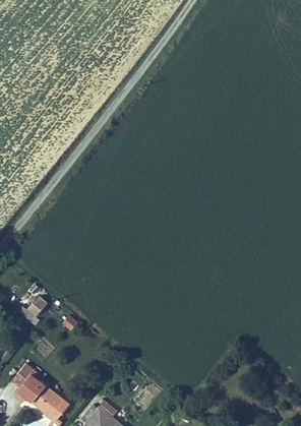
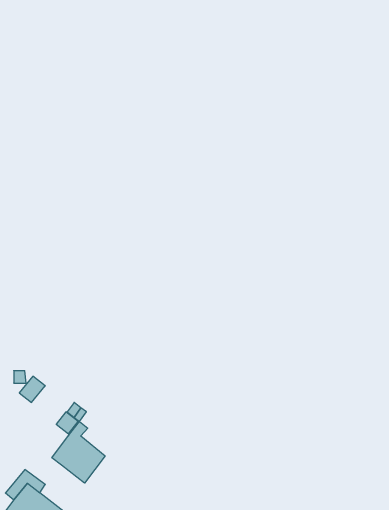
building: none -> [52,422,105,483]

